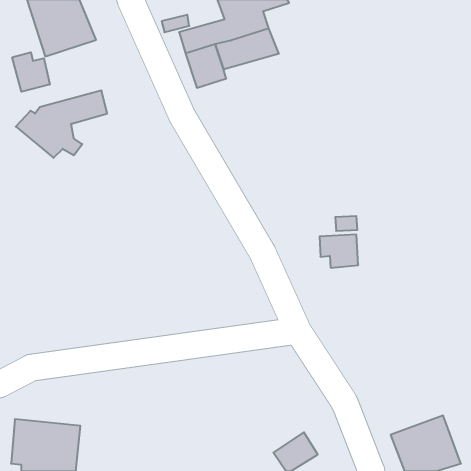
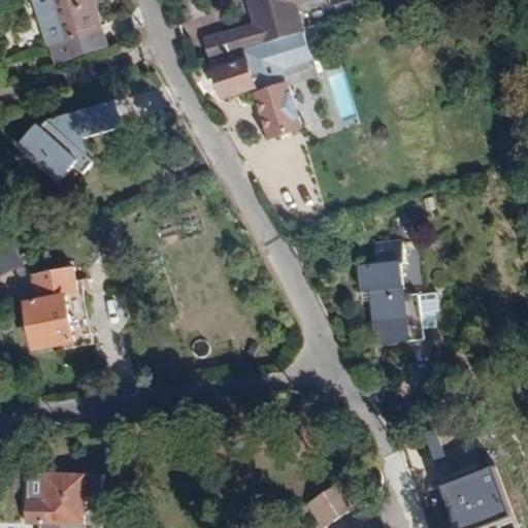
building: [12,52,50,92] -> none
building: none -> [250,80,302,140]
building: none -> [20,266,89,351]
building: none -> [369,295,424,345]

